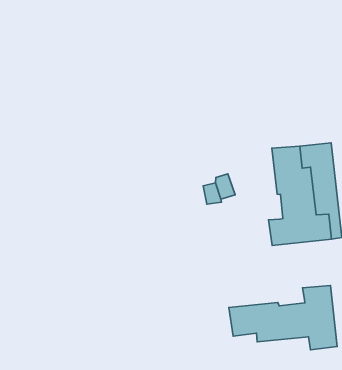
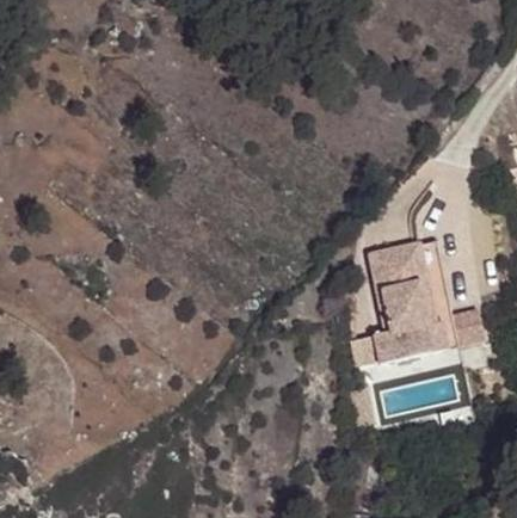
building: [229,286,337,350] -> none

